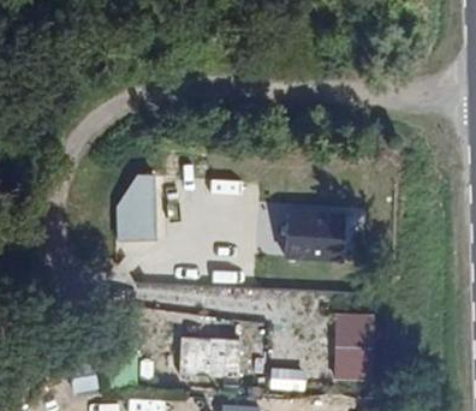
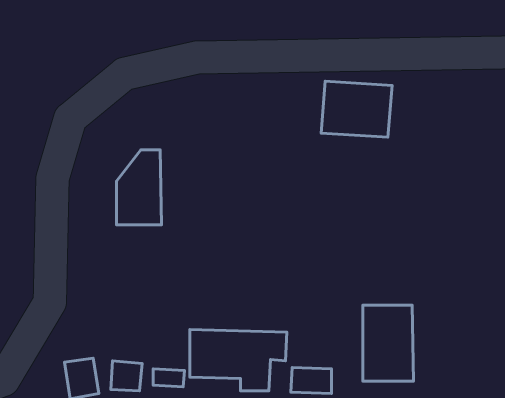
building: [284,212,346,261] -> [321,81,392,137]

